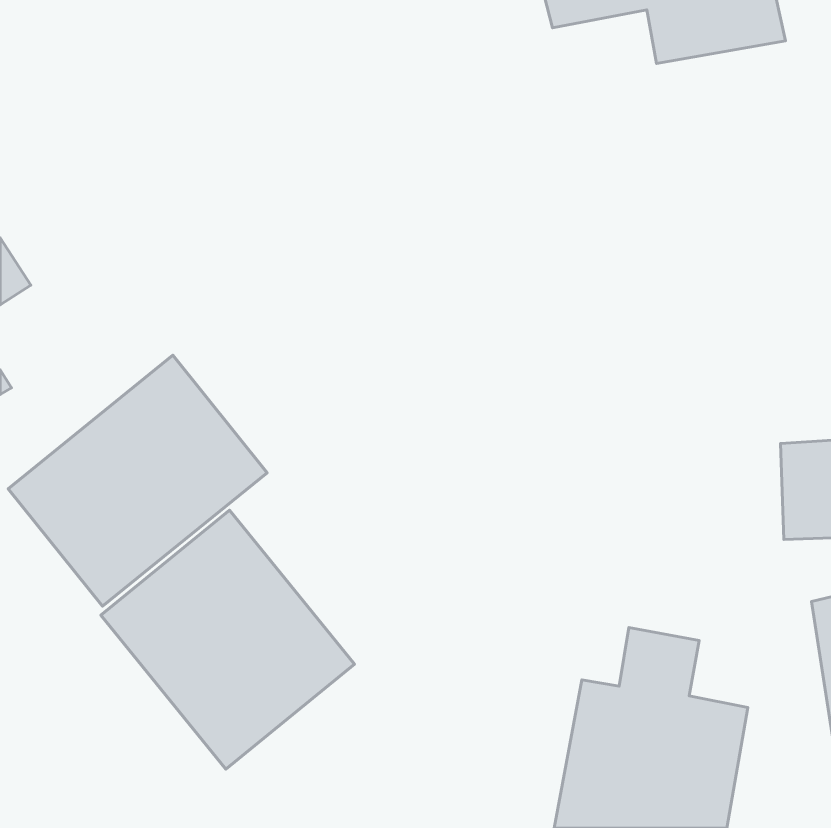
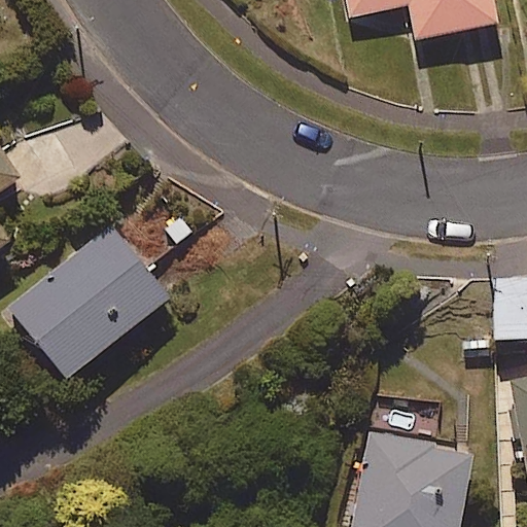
building: [101,510,355,769] -> none

